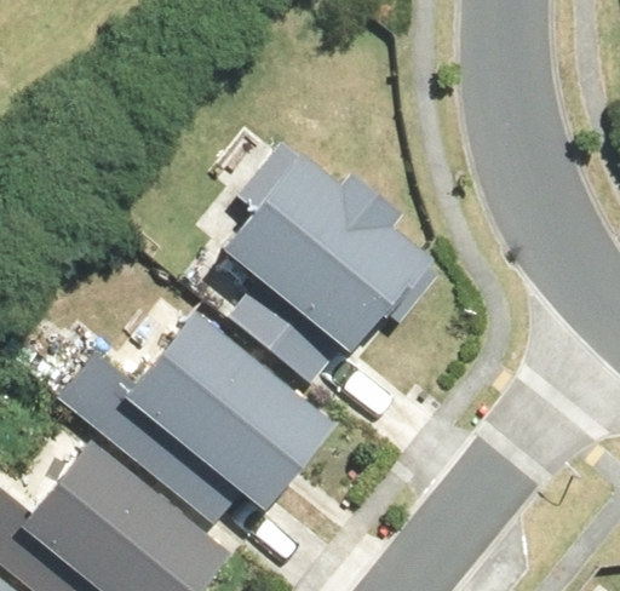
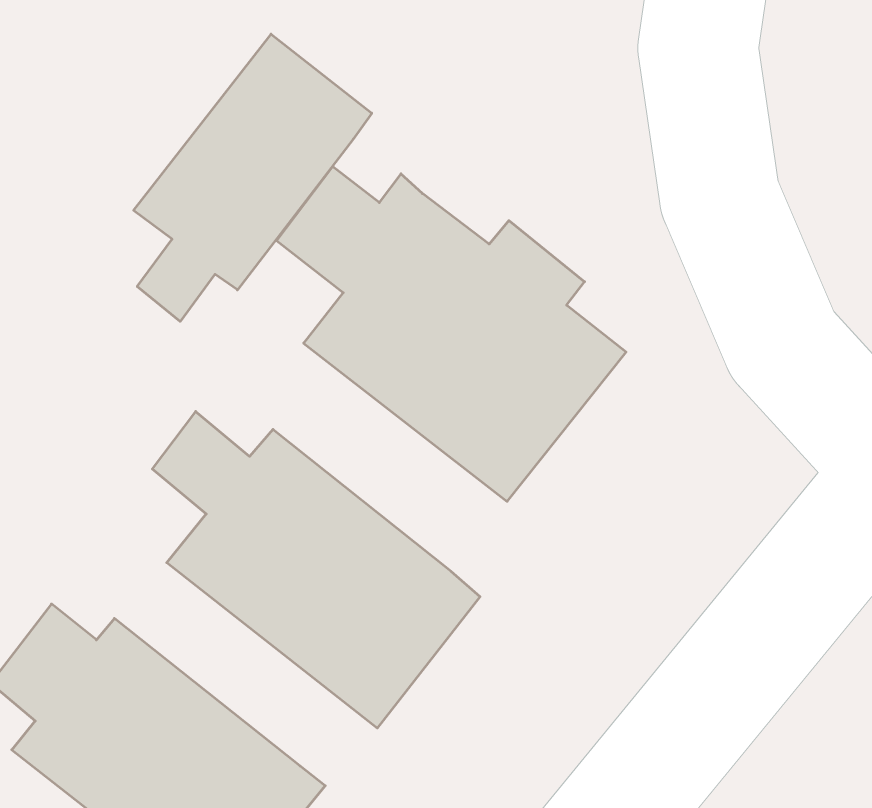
building: none -> [134,34,372,321]

